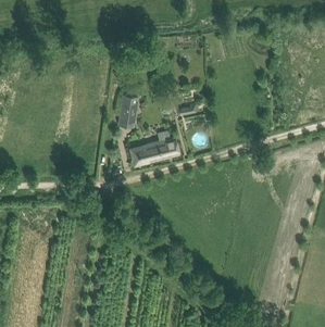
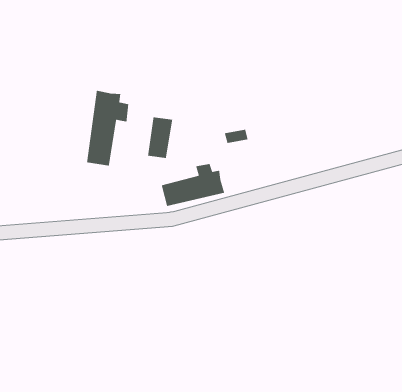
building: none -> [86,90,129,166]

